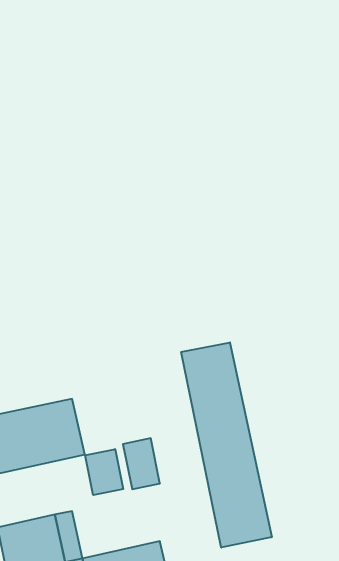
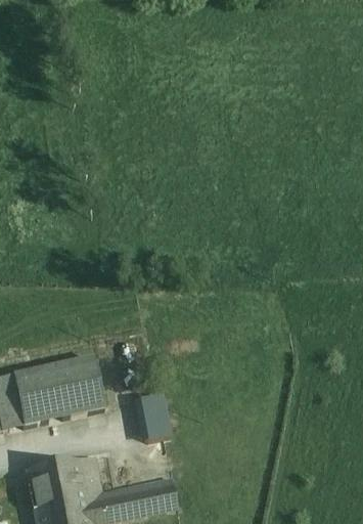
building: [181,342,272,548] -> none
building: [85,449,123,495] -> none

